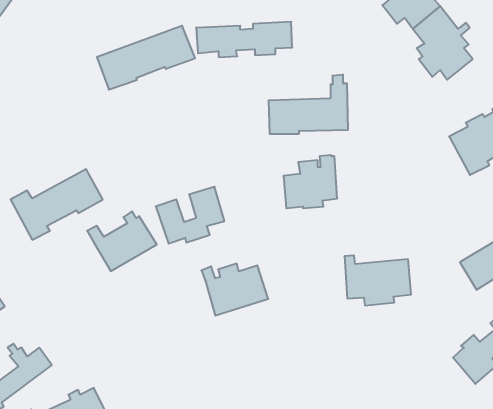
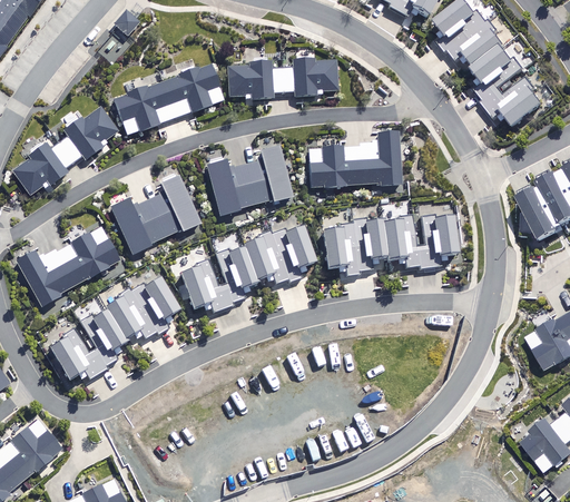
building: none -> [12,107,116,194]
building: none -> [207,148,291,216]
building: none -> [105,177,200,254]
building: none -> [47,303,129,383]
building: [344,255,411,305] -> [383,211,459,268]
building: [201,264,268,316] -> [243,227,318,286]

